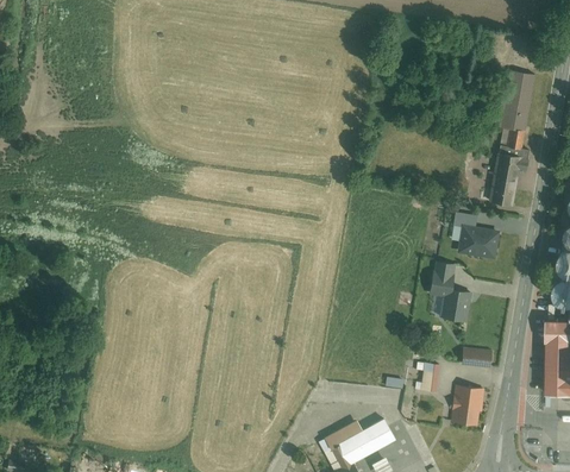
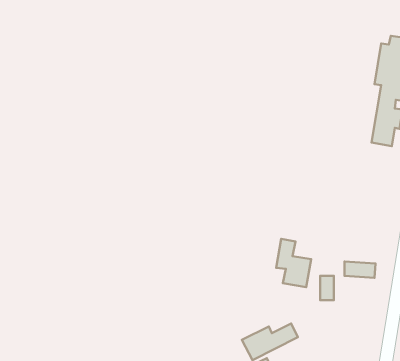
building: [455,214,503,262] -> none
building: [433,268,476,327] -> [276,239,311,287]
building: [451,388,480,422] -> none

